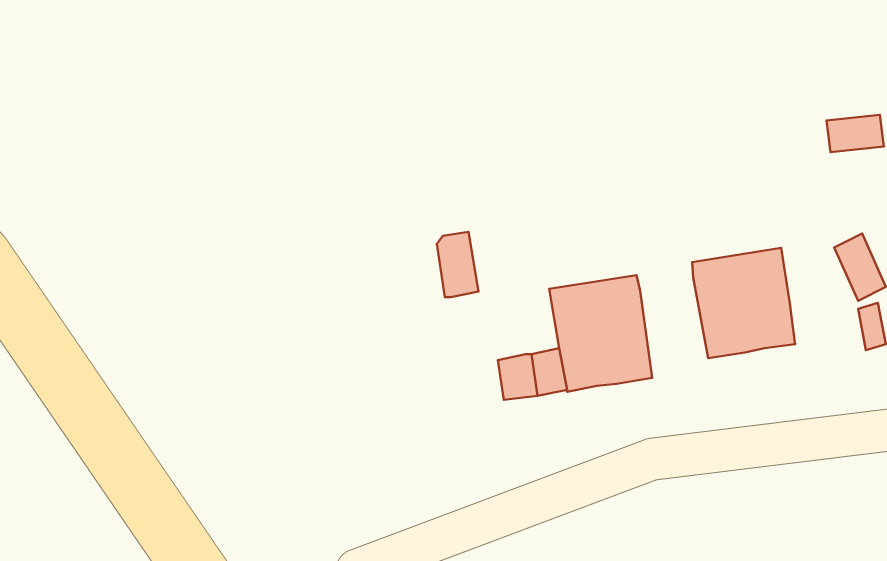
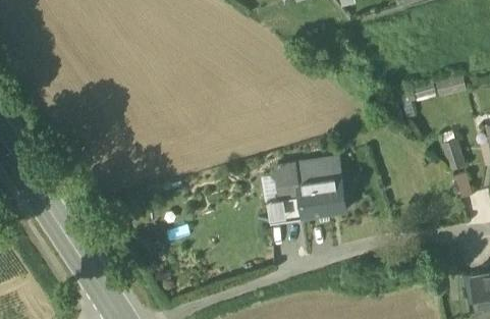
building: [437,232,478,297] -> [277,165,298,199]
building: [692,248,795,358] -> none

